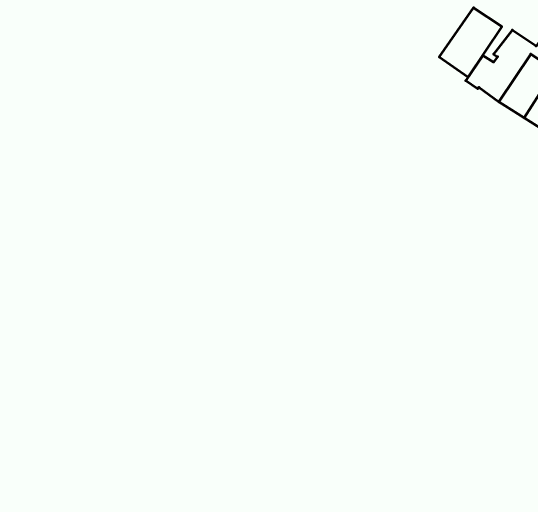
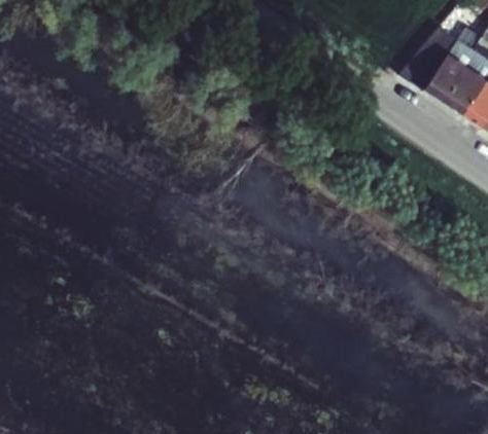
building: [439,8,502,77] -> none

